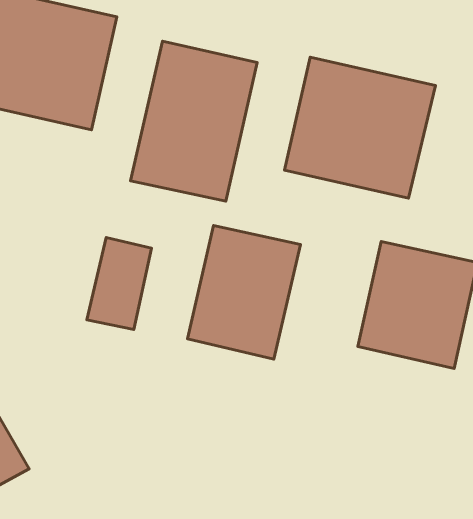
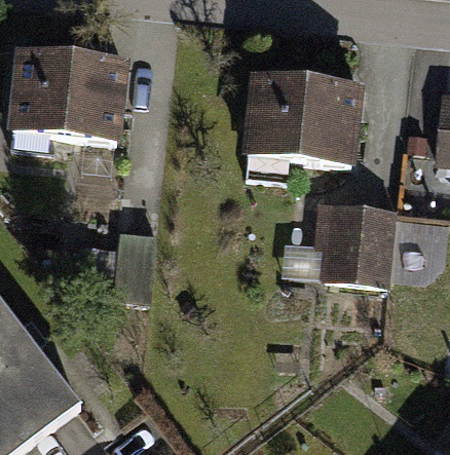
building: [131,41,257,201] -> none
building: [187,226,300,359] -> none

